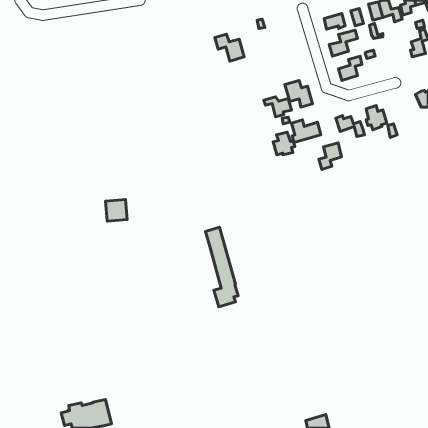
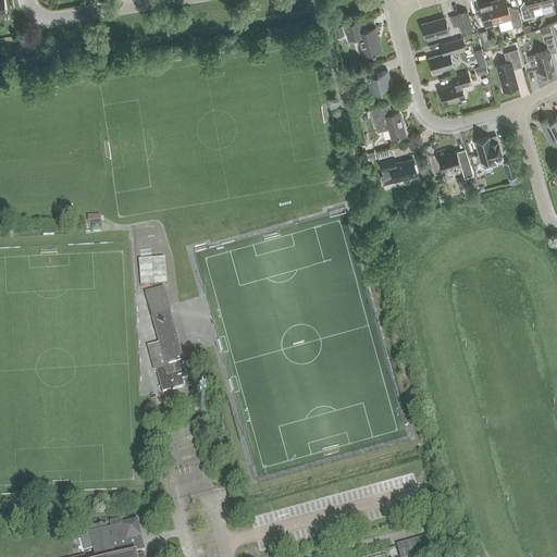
building: [215,34,244,61] -> [344,21,382,55]
building: none -> [496,50,521,91]
building: [264,97,291,117] -> [356,69,392,95]
building: [273,132,295,155] -> none
building: [319,143,342,170] -> none
building: [205,227,238,307] -> [144,288,186,392]

